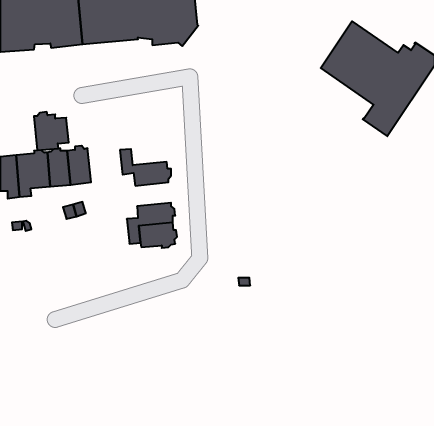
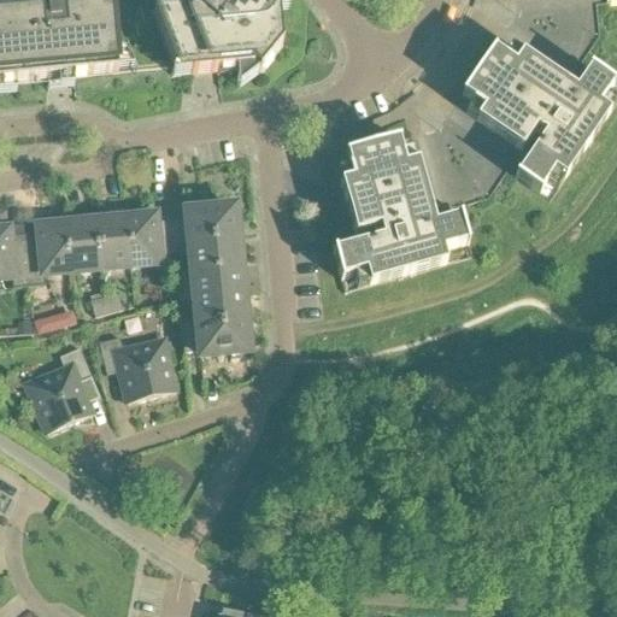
building: none -> [333,128,471,284]
building: [34,112,69,150] -> [125,204,175,258]
building: none -> [187,196,241,234]
building: none -> [193,258,243,292]
building: none -> [99,330,175,396]
building: none -> [28,341,93,427]

